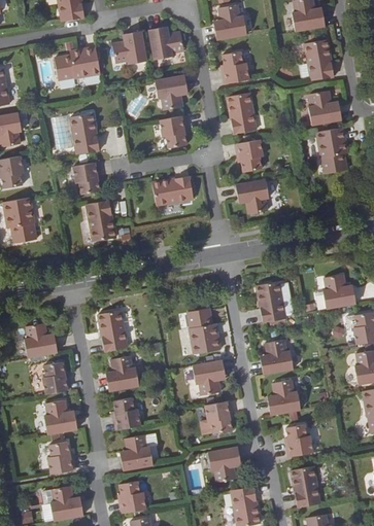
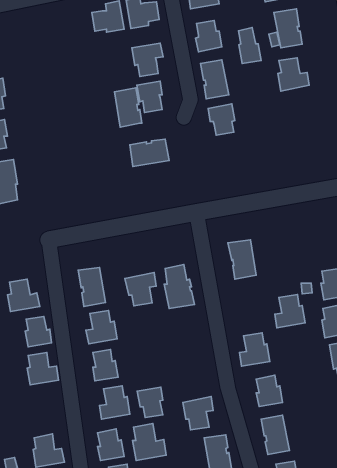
building: [54,47,100,78] -> none
building: none -> [238,28,261,64]
building: [70,113,99,154] -> [114,88,142,127]
building: [316,128,347,173] -> none
building: [73,162,100,195] -> none
building: [236,179,269,214] -> none
building: [87,200,115,242] -> none
building: [322,275,355,309] -> none
building: [261,340,293,375] -> [275,295,305,328]
building: [192,360,225,395] -> [125,272,156,306]
building: [205,401,232,433] -> [137,387,163,418]
building: [47,442,75,475] -> none
building: none -> [133,423,166,460]

